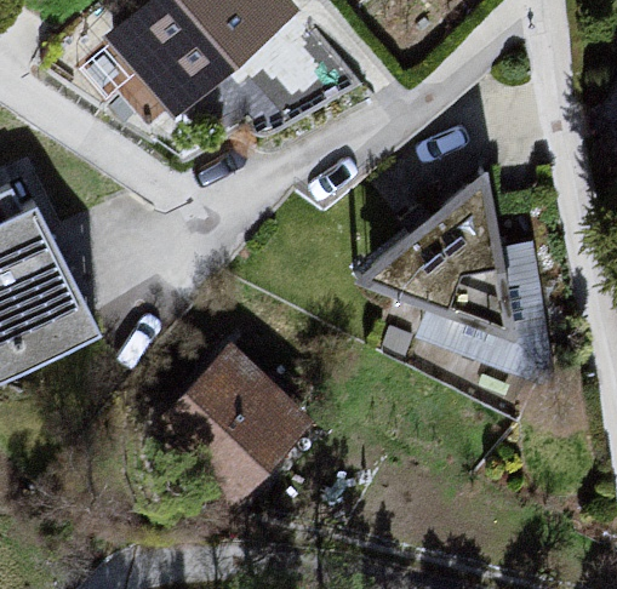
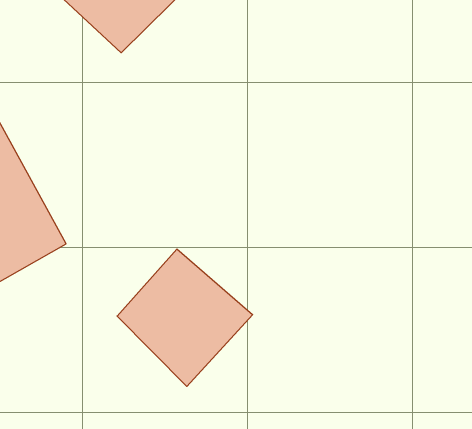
building: [369,176,515,339] -> none

